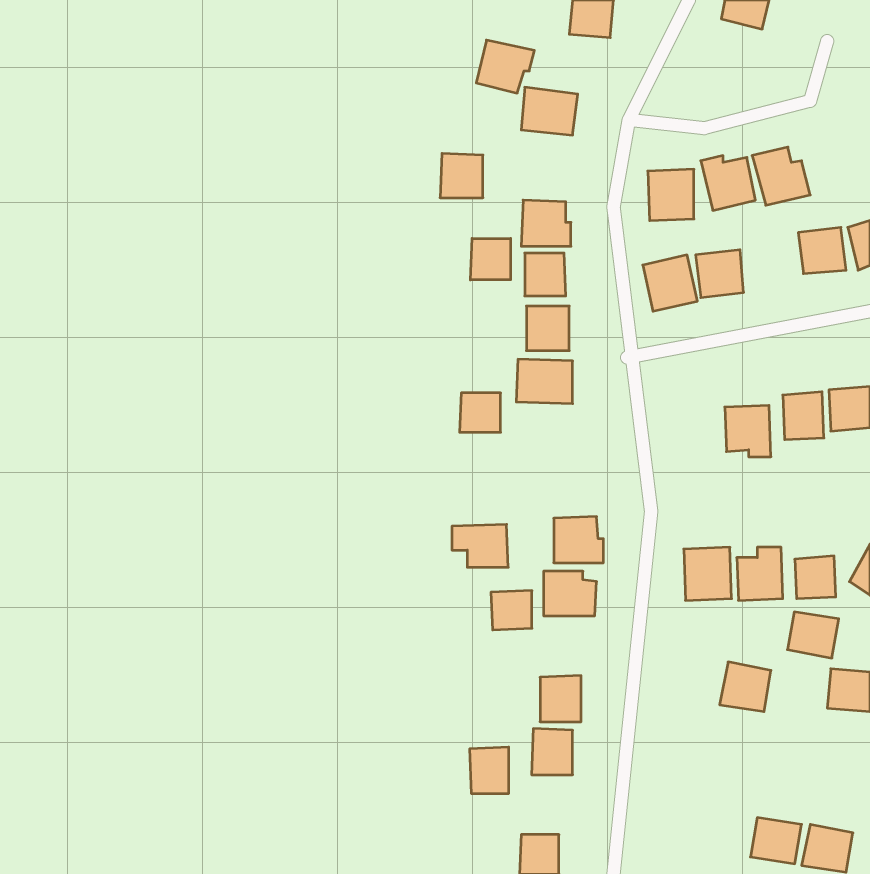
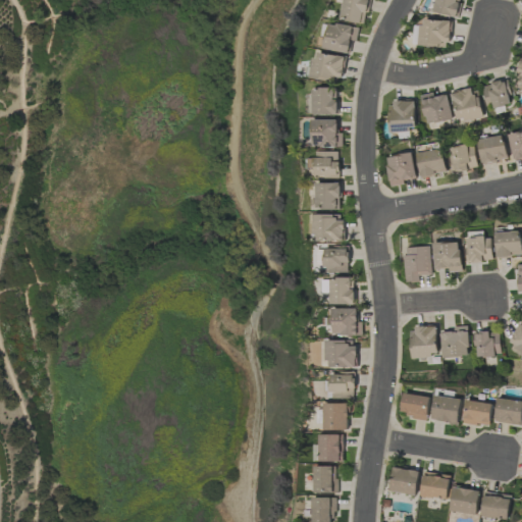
building: none -> [418,20,450,47]
building: [476,40,534,93] -> [323,22,358,54]
building: none -> [480,80,511,109]
building: [440,153,483,198] -> [311,88,336,114]
building: [470,238,511,280] -> none
building: none -> [448,144,476,172]
building: [460,393,501,432] -> [322,249,347,272]
building: none -> [403,247,429,282]
building: [452,524,508,567] -> [319,278,353,304]
building: [491,591,532,630] -> [327,374,352,398]
building: [787,612,839,658] -> [461,400,491,427]
building: none -> [400,394,428,418]
building: [470,747,509,793] -> [312,466,335,493]
building: none -> [388,468,417,494]
building: none -> [420,473,448,499]

